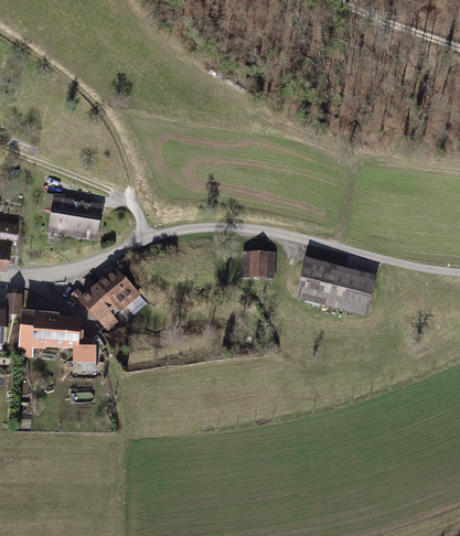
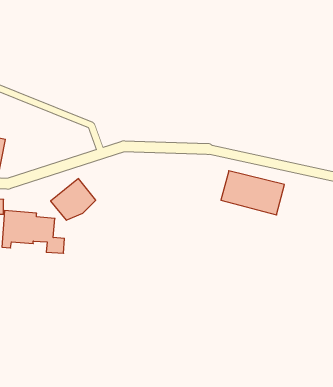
building: [49,195,103,239] -> none
building: [239,251,265,278] -> none

